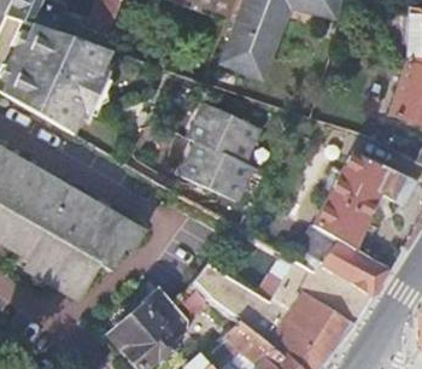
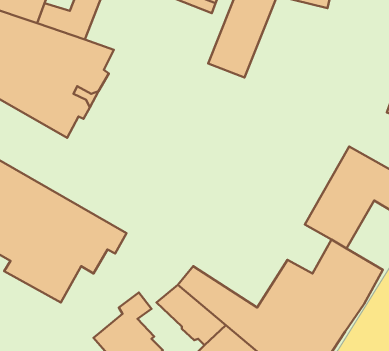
building: [182,102,259,199] -> none

